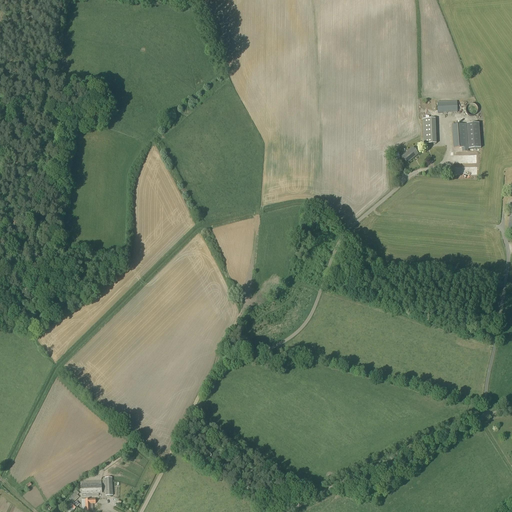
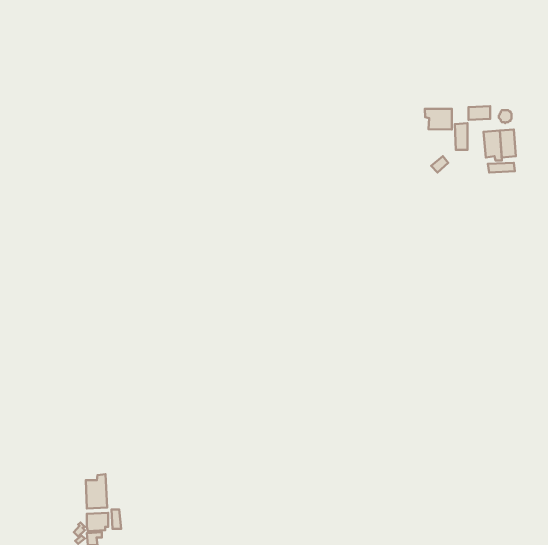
building: none -> [425,109,452,130]
building: none -> [86,474,107,509]

